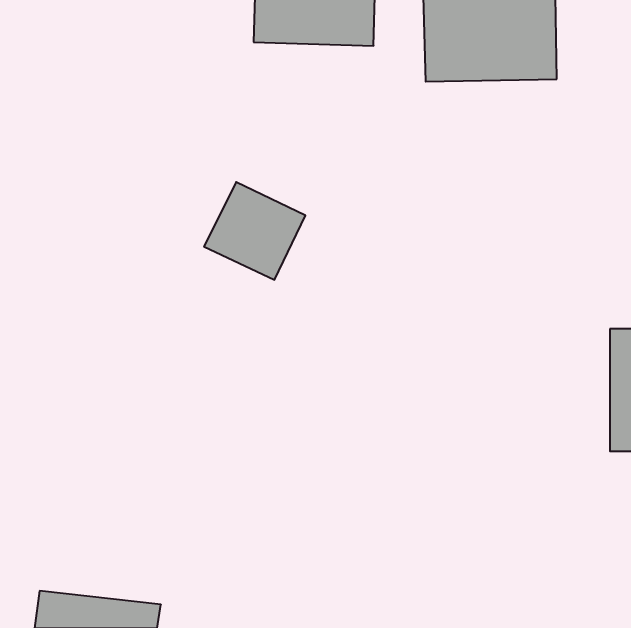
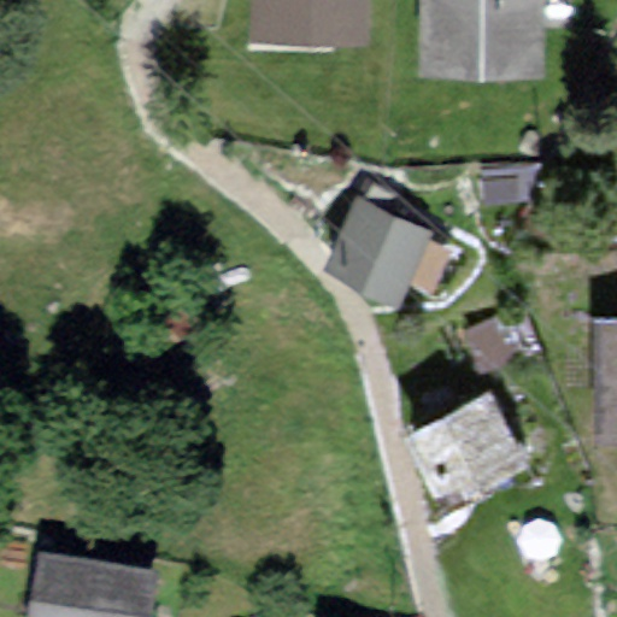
building: [204,182,305,280] -> [333,199,431,294]
building: none -> [416,394,524,501]

